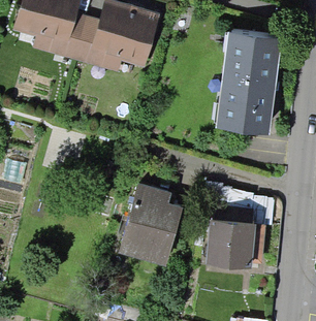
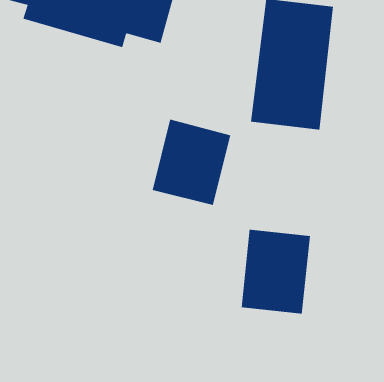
building: [119,196,179,261] -> [152,119,231,205]

